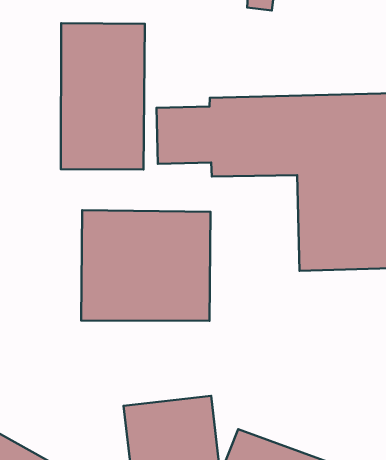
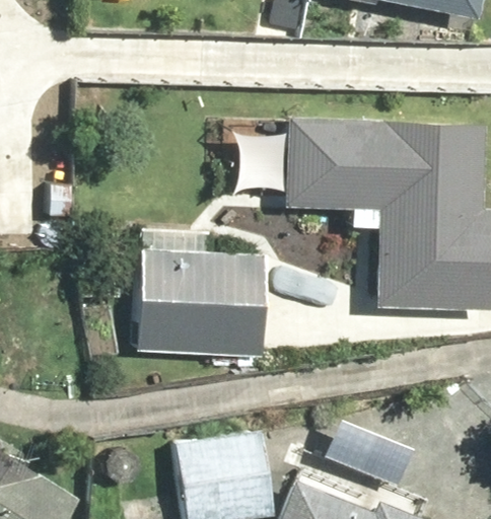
building: [61,23,145,170] -> none

